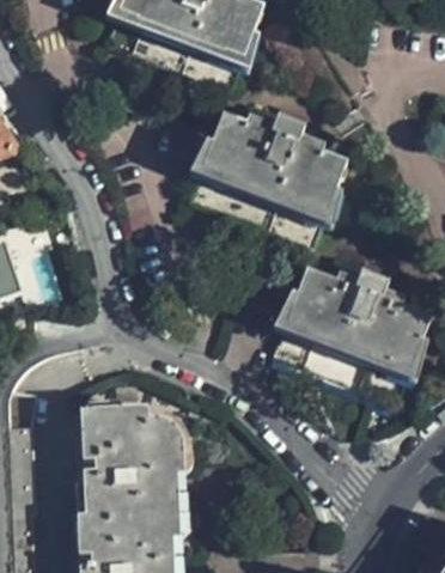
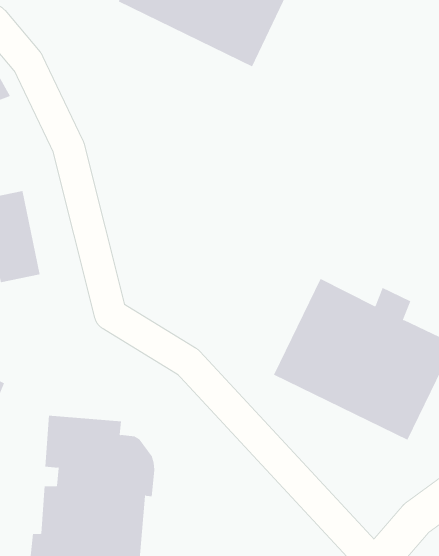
building: [194,109,348,240] -> none

